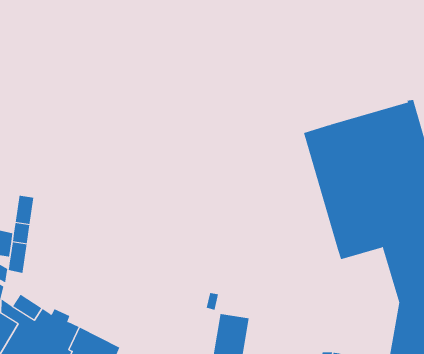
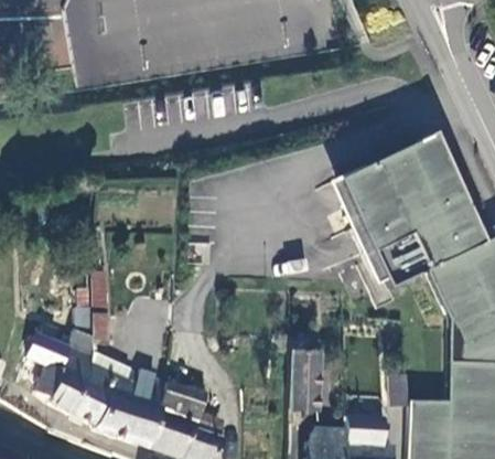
building: none -> [332,164,389,284]

